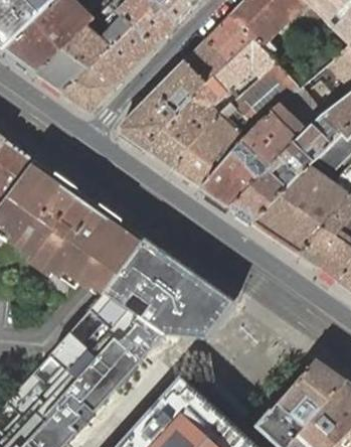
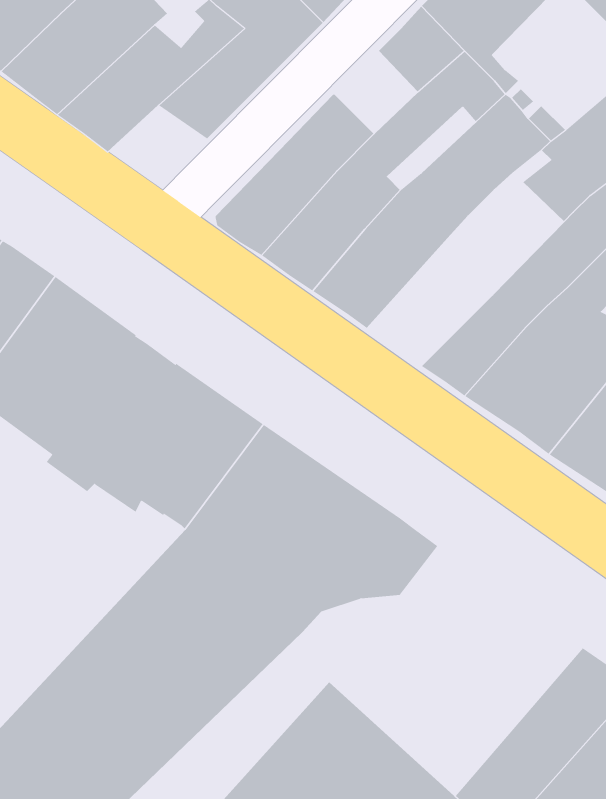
building: [183,39,227,84] -> none
building: [61,68,115,113] -> none
building: [200,93,306,208] -> none

